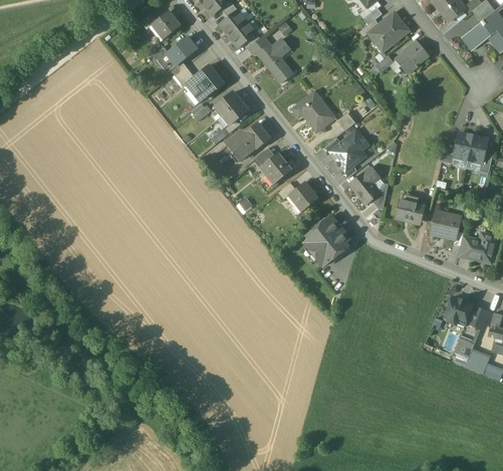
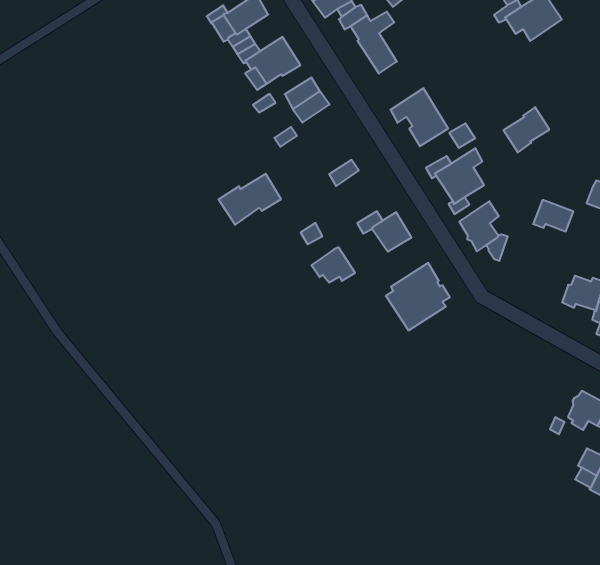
building: [396,40,429,74] -> [503,107,549,153]
building: [225,122,270,161] -> [218,174,281,225]
building: [259,153,291,179] -> [311,247,355,282]
building: [396,200,424,221] -> [533,200,573,232]

